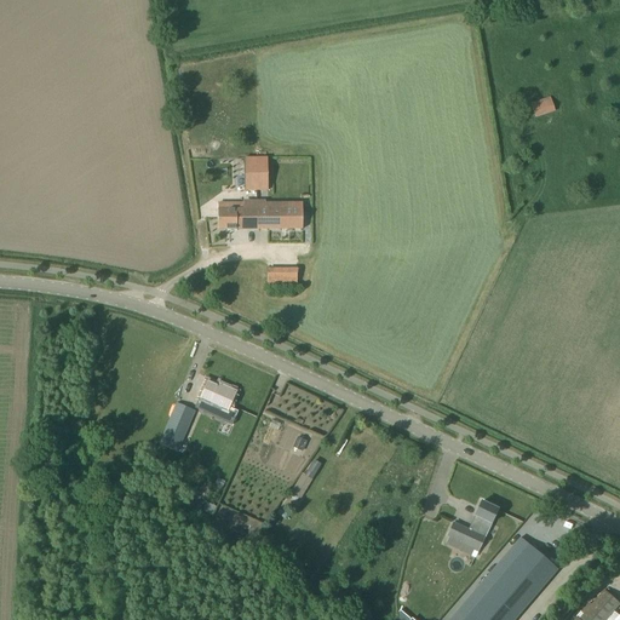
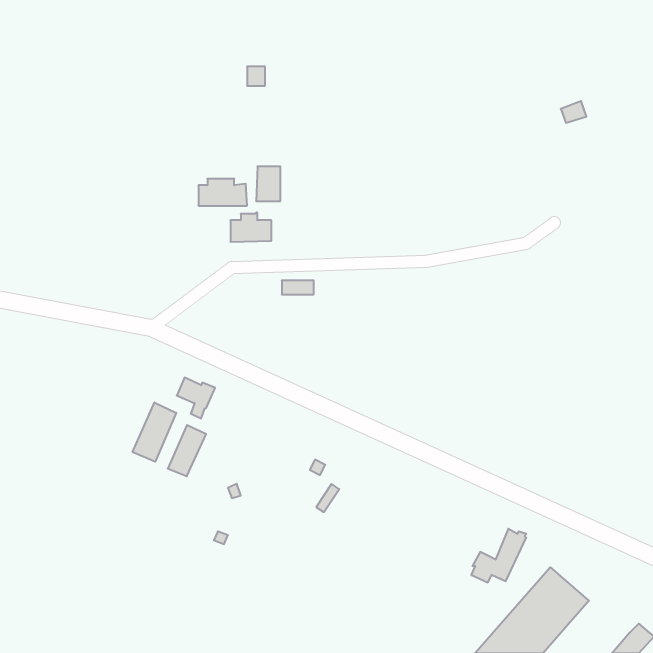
building: [258,202,304,228] -> [198,179,247,206]
building: [201,380,237,419] -> [177,378,215,419]
building: none -> [133,402,176,462]

